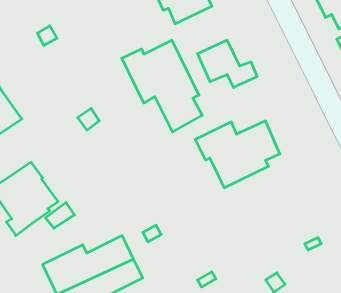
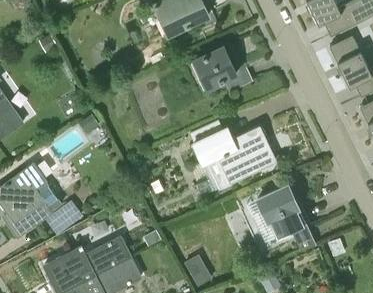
building: [122,40,202,132] -> none
building: none -> [236,185,308,256]

